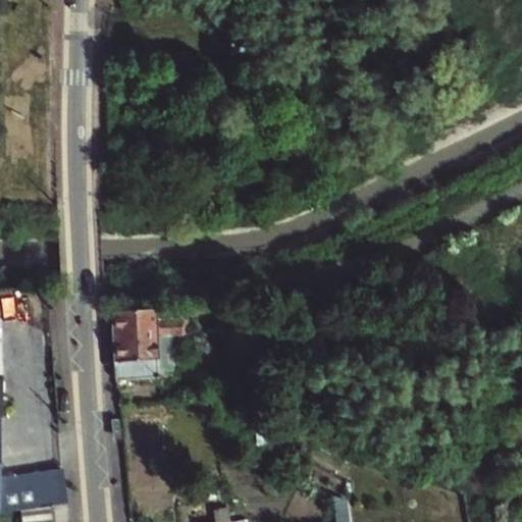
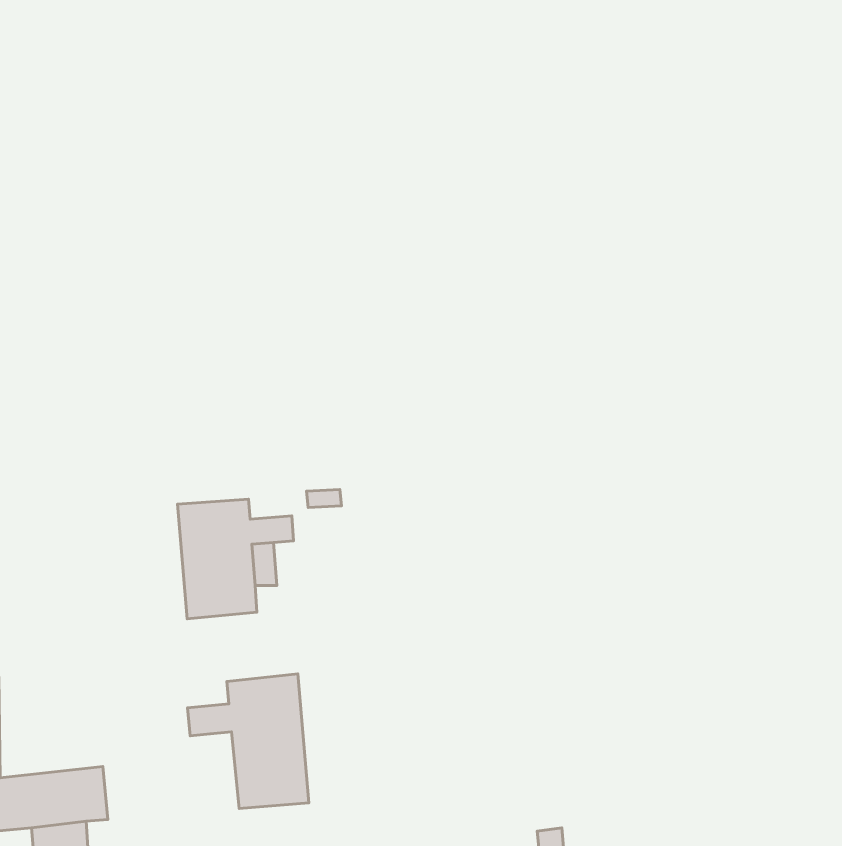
building: none -> [187,674,309,808]

